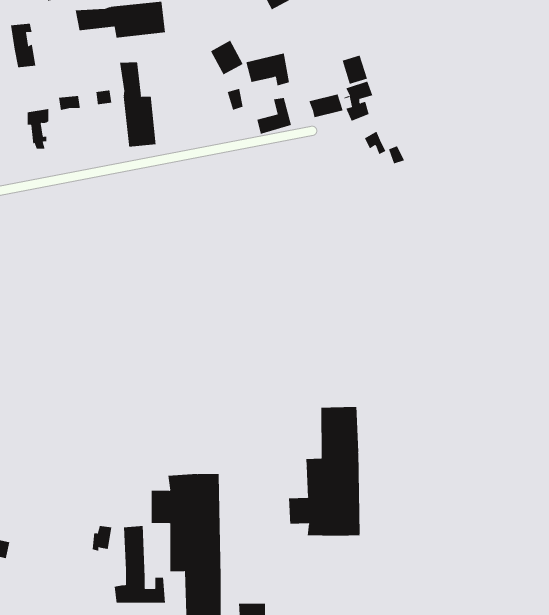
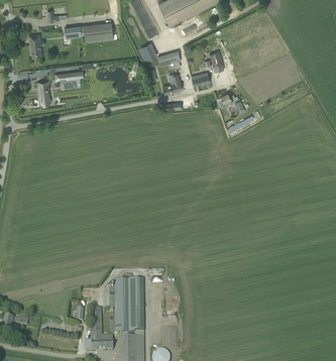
building: [120,62,156,147] -> none
building: [289,406,360,536] -> none

